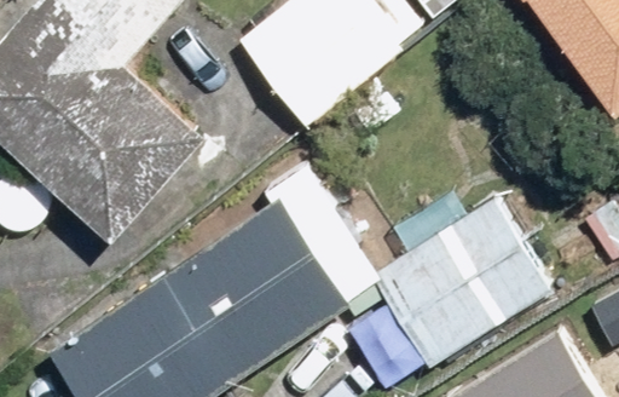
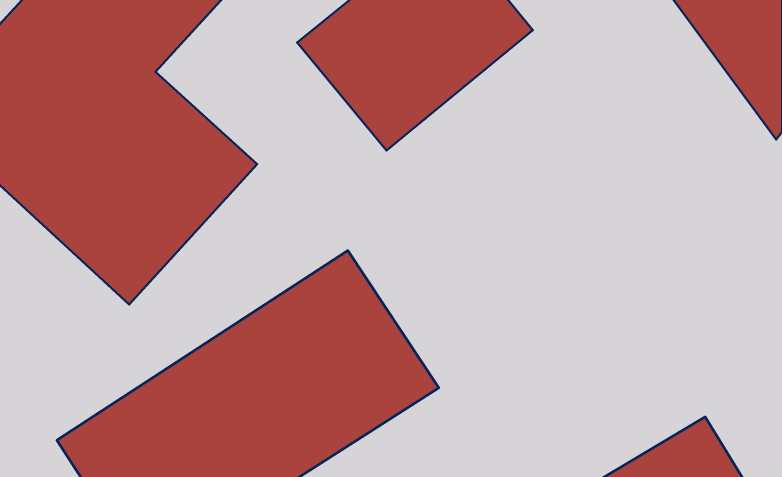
building: [375,197,551,364] -> none

